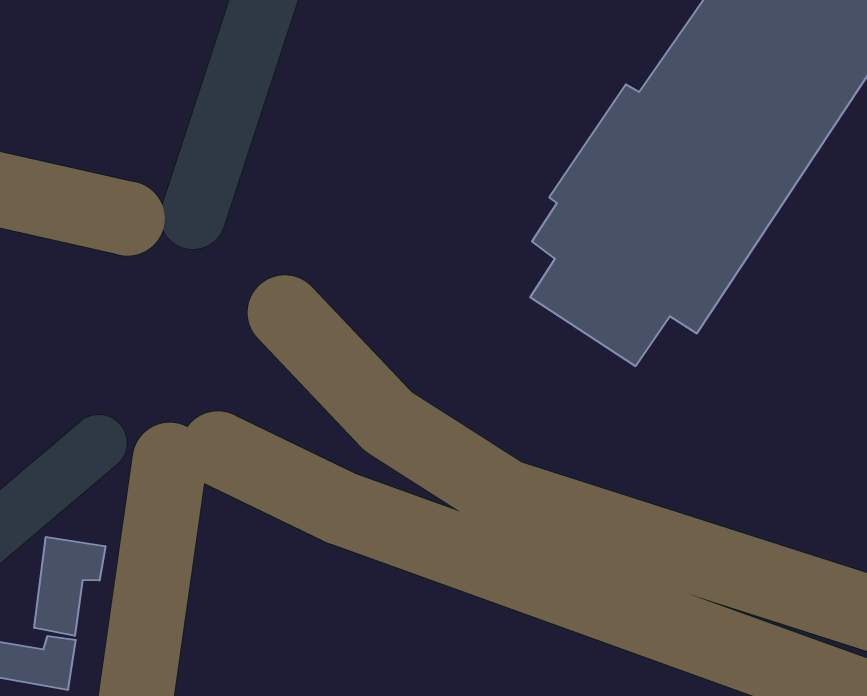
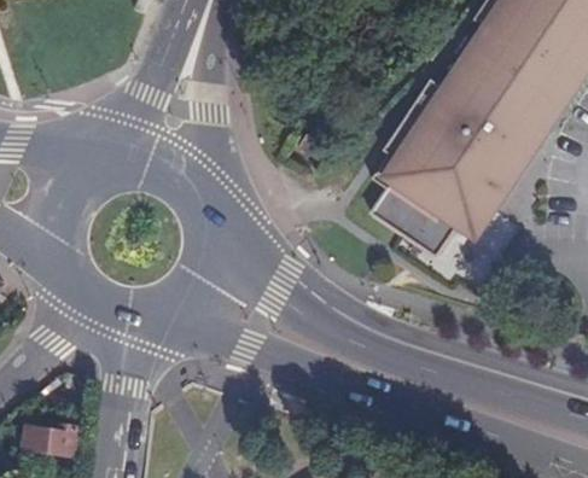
building: [34,537,105,636] -> none

